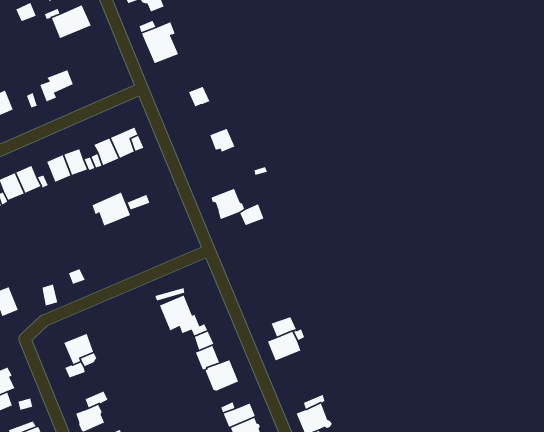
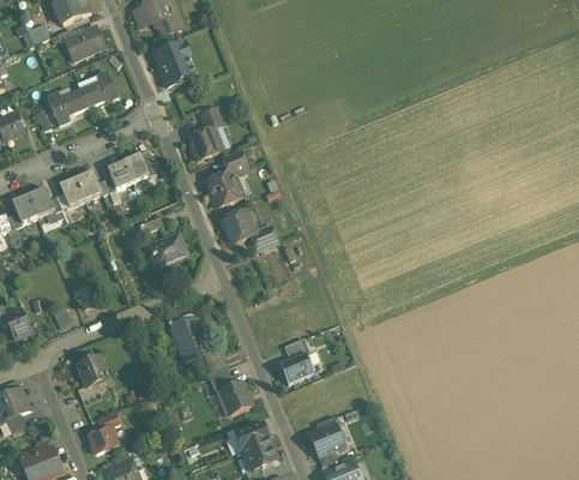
building: none -> [80,77,117,106]
building: none -> [191,126,223,158]
building: none -> [205,170,242,206]
building: [92,191,131,230] -> [149,230,188,269]

